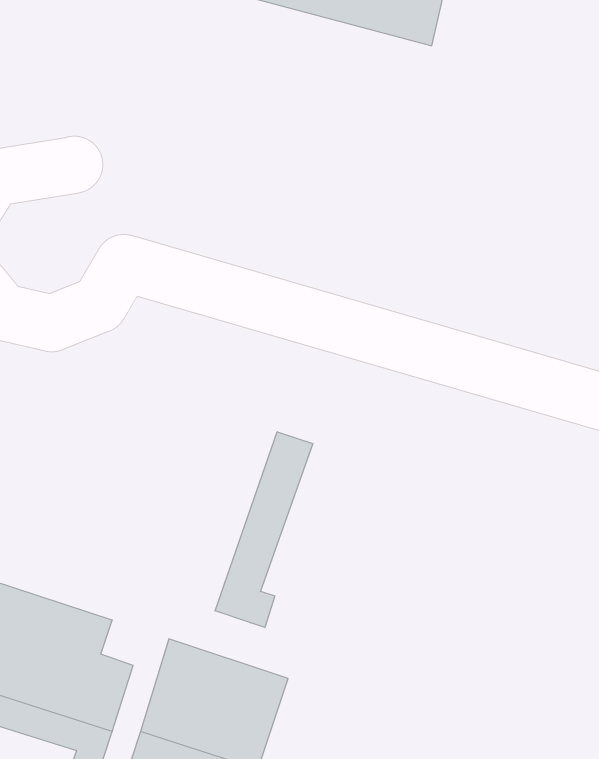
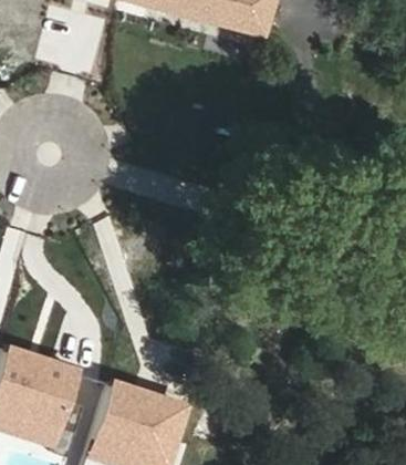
building: [215,432,313,628] -> none

